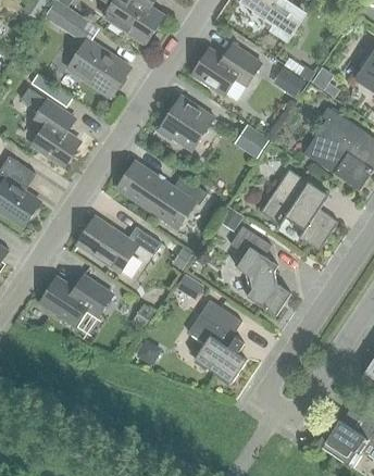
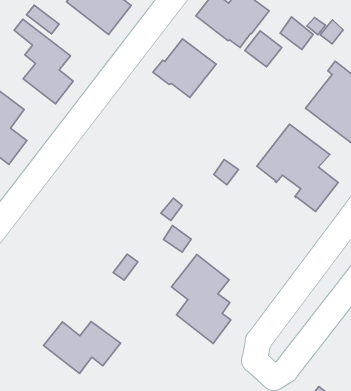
building: [234,124,269,158] -> [245,31,282,67]
building: [115,160,207,227] -> none
building: [77,216,161,272] -> none
building: [229,225,290,315] -> none
building: [39,275,112,325] -> [44,322,120,373]

